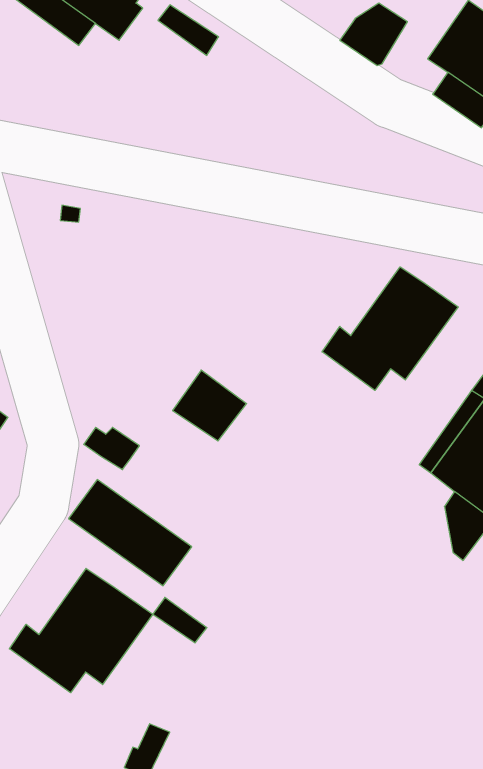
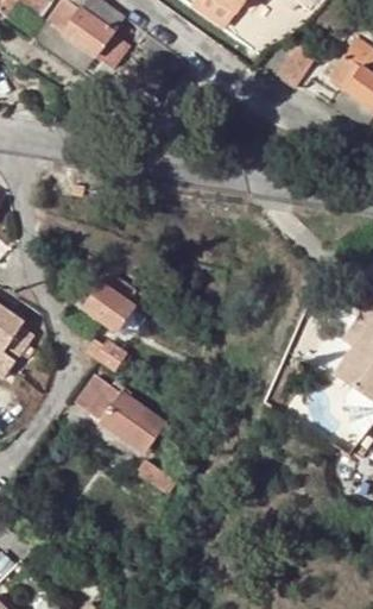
building: [322,267,458,390] -> none
building: [173,370,247,441] -> [82,281,134,331]
building: [9,568,153,693] -> none

